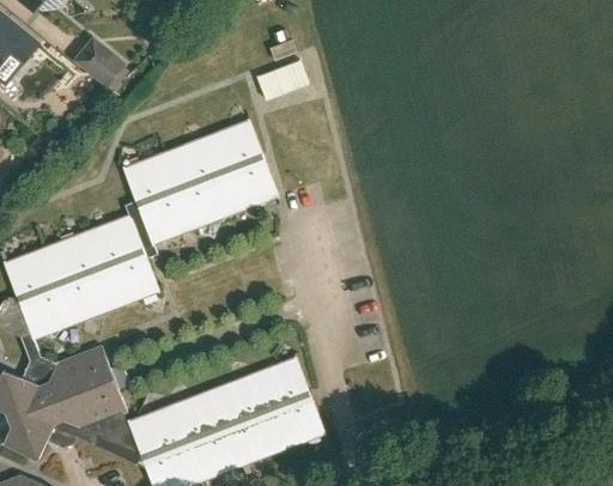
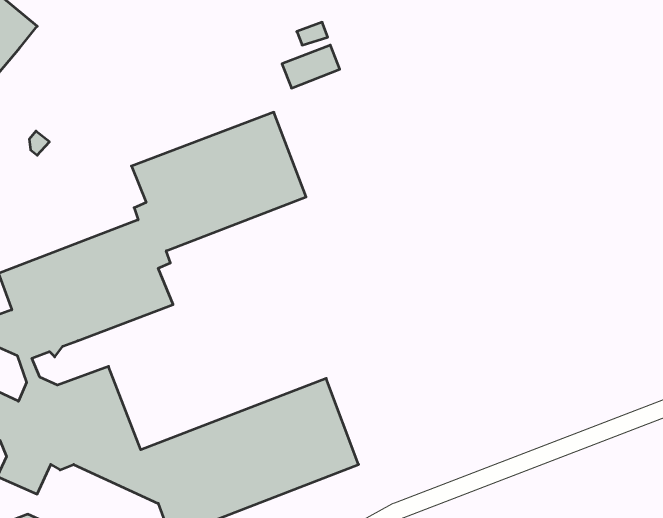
building: [73,36,126,87] -> none

